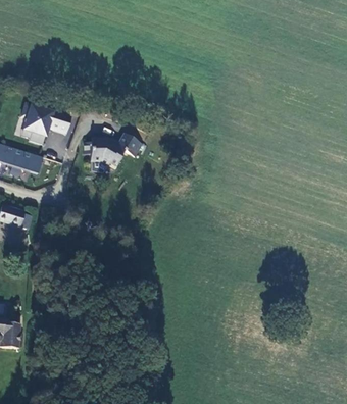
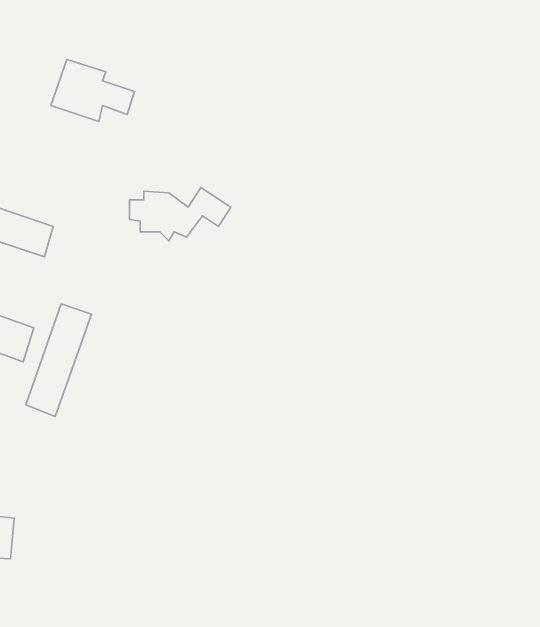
building: [23,105,71,141] -> [51,59,134,122]
building: none -> [26,304,92,416]

